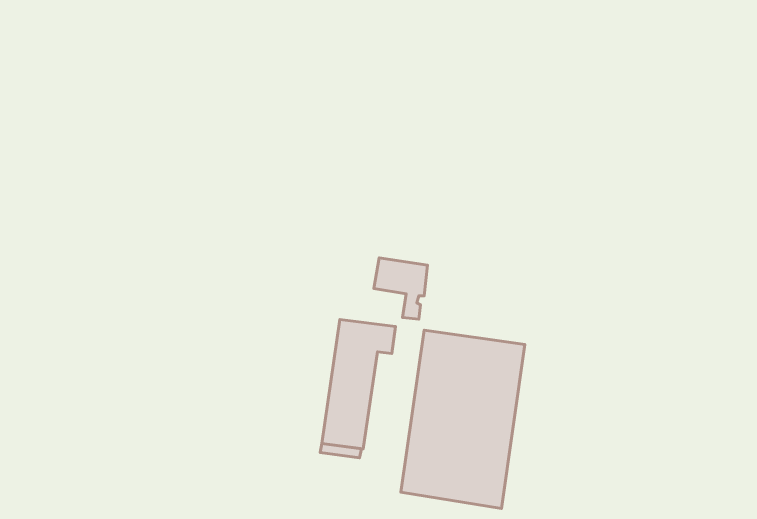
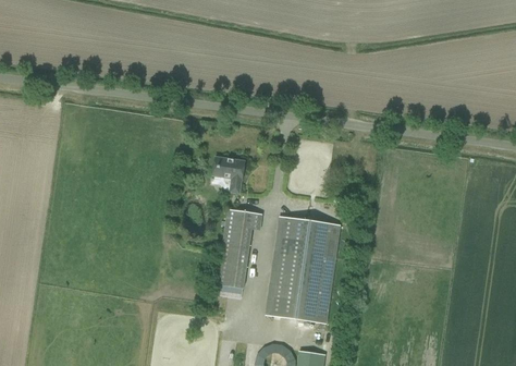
building: [374,258,428,319] -> [212,156,245,193]

